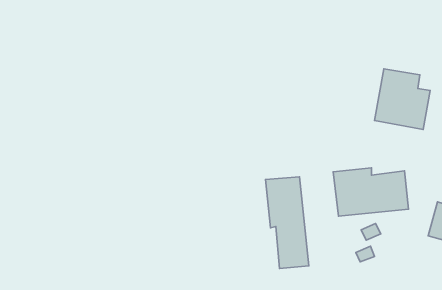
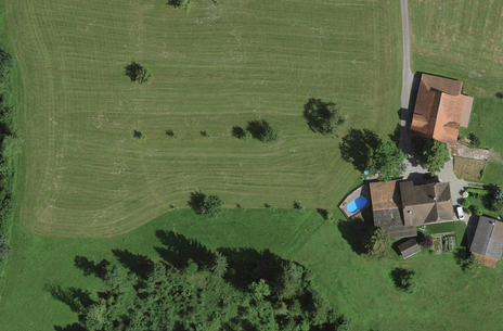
building: [266,177,309,268] -> none

